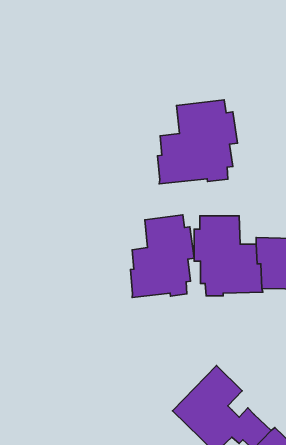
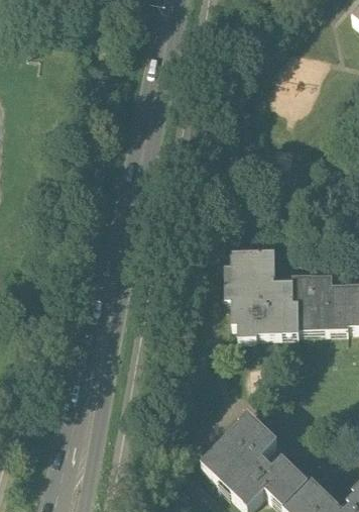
building: [157,100,238,184] -> none
building: [130,215,194,298] -> none

